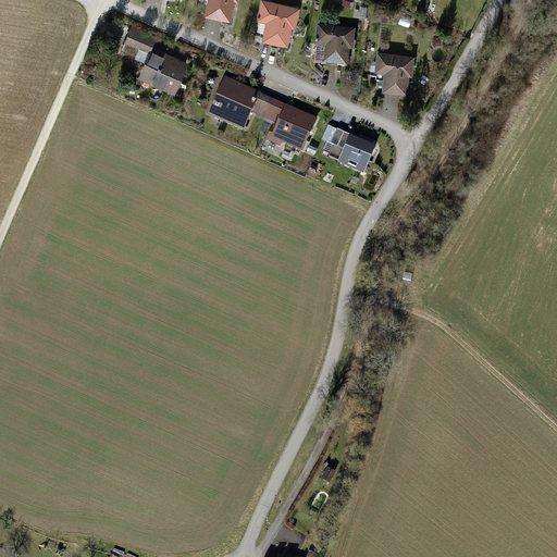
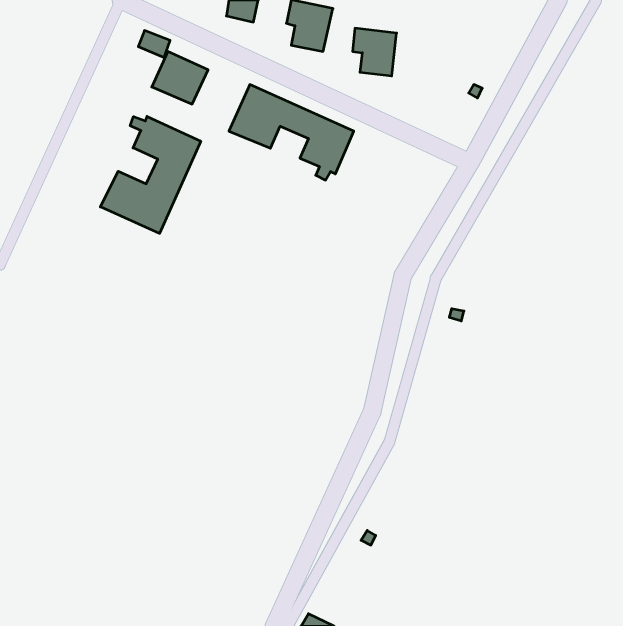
building: [374,50,414,94] -> none
building: none -> [100,116,201,233]
building: [331,129,374,175] -> none

